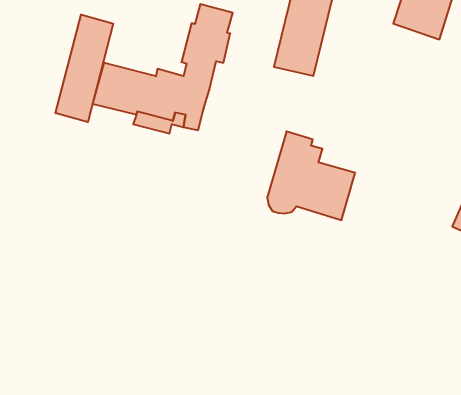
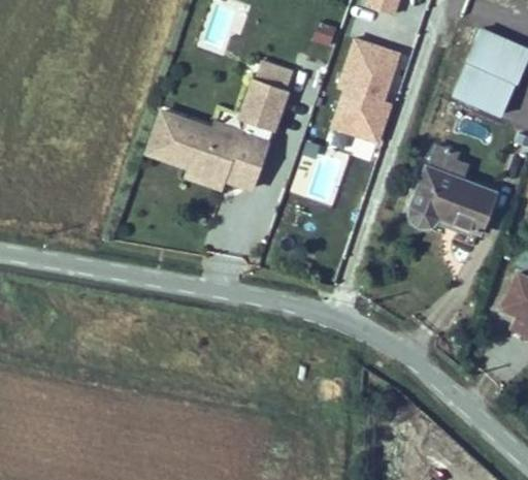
building: [56,15,113,122] -> none
building: [267,131,355,220] -> [410,145,501,238]

